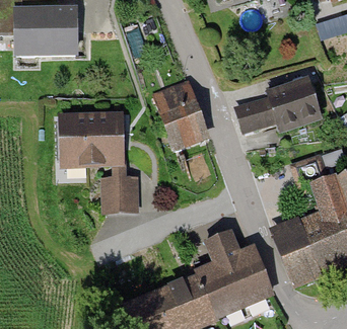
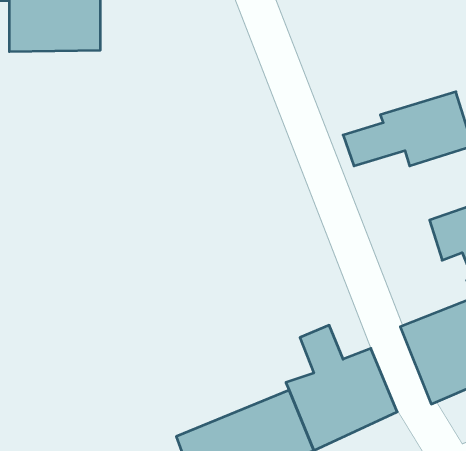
building: [153,80,205,146] -> none
building: [63,115,119,161] -> none
building: [103,176,136,209] -> none

